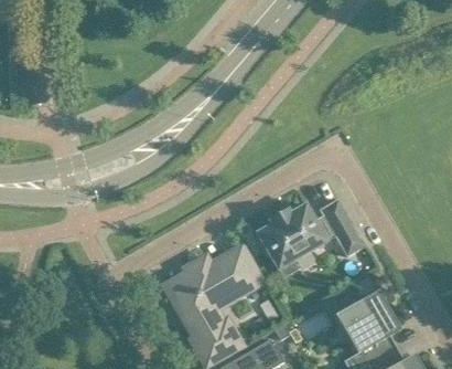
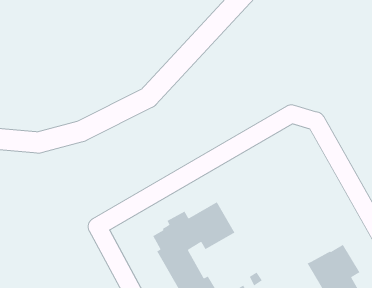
building: [257,200,357,270] -> none

